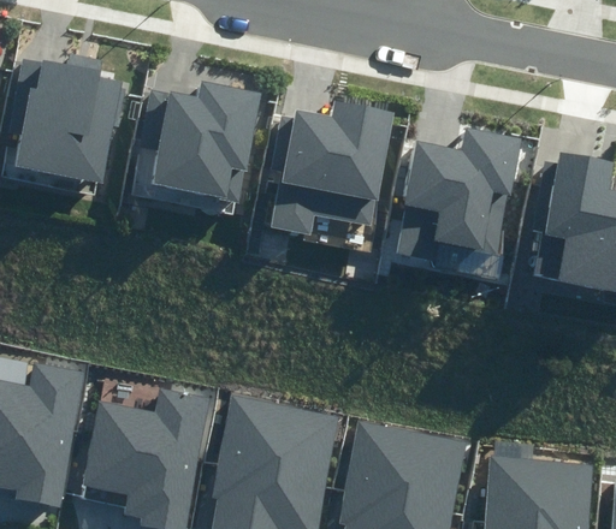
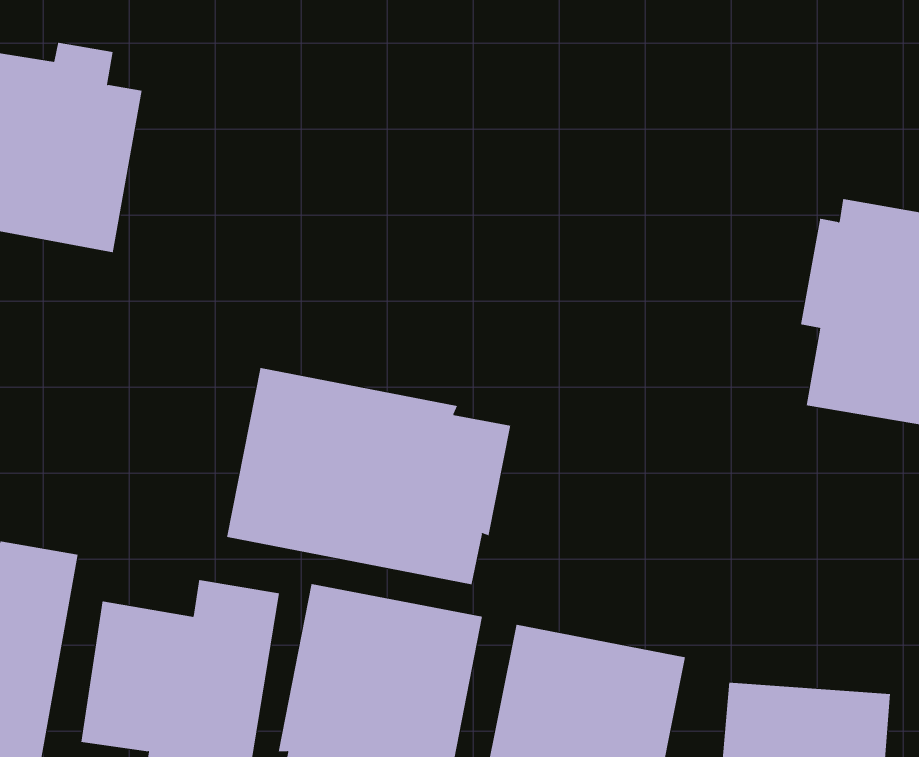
building: [140,81,265,203] -> none
building: [272,103,396,234] -> none
building: [397,131,520,263] -> none
building: none -> [226,367,511,585]

